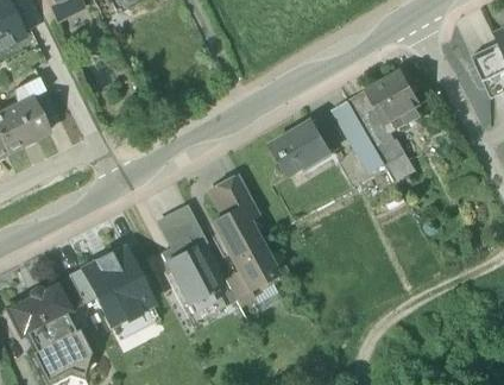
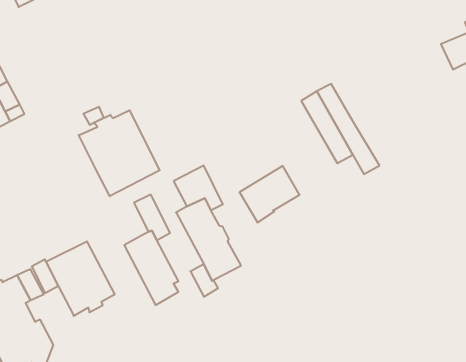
building: [366,70,427,131] -> none
building: none -> [79,110,160,196]
building: [273,120,333,176] -> [239,166,300,222]

